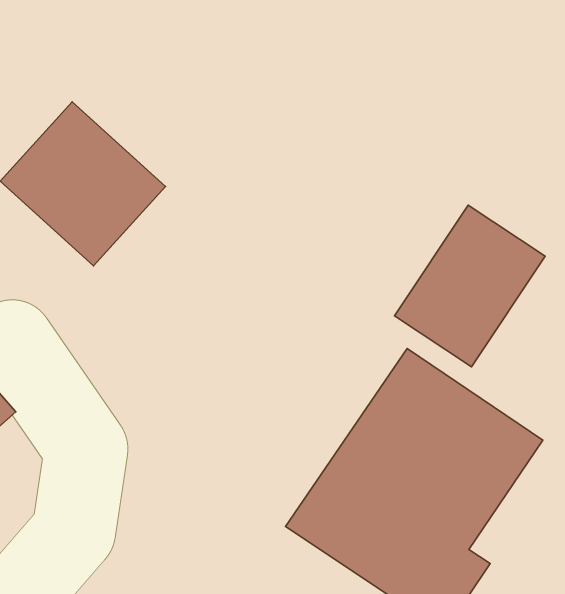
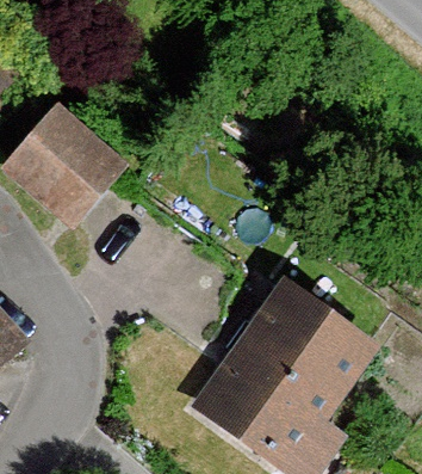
building: [394,205,545,367] -> none

